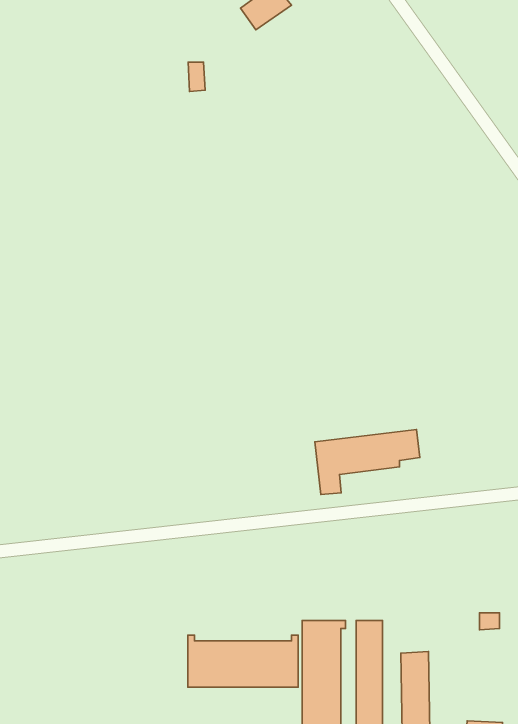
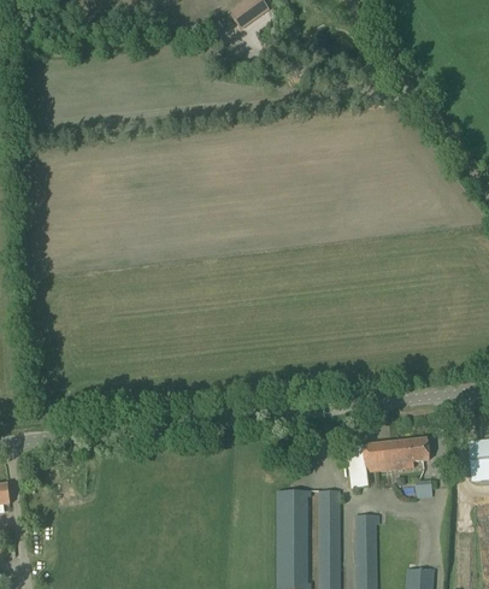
building: [315,430,420,494] -> [347,437,429,488]
building: [188,635,298,687] -> none

